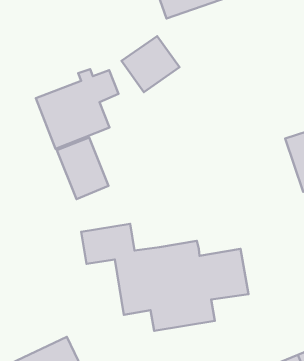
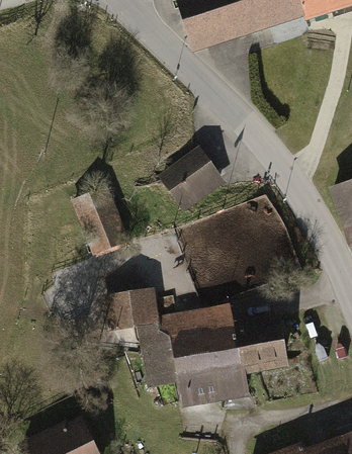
building: [121,36,179,92] -> [158,149,224,212]
building: [36,69,119,149] -> none

